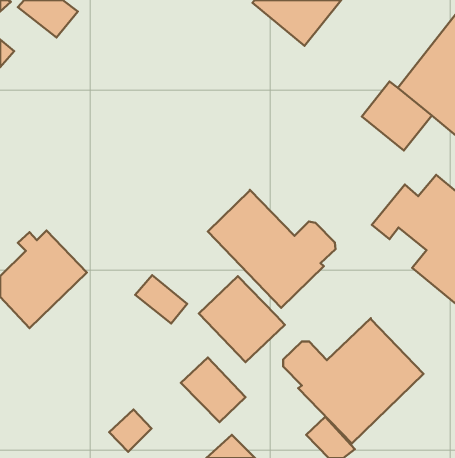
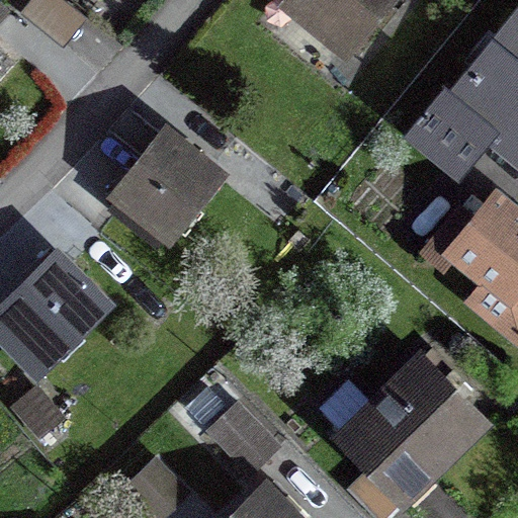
building: none -> [118,137,218,246]
building: [208,190,335,308] -> none
building: [199,276,285,362] -> none

